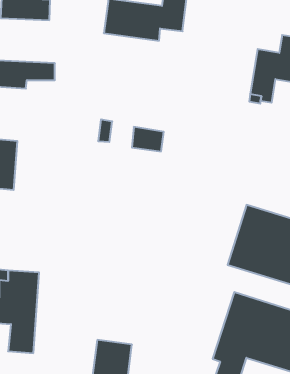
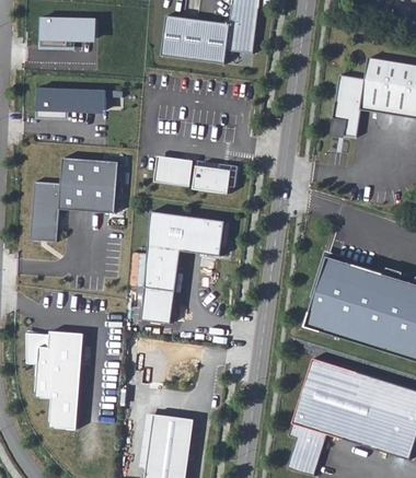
building: none -> [58,155,115,211]
building: none -> [166,159,192,186]
building: none -> [145,211,230,325]

